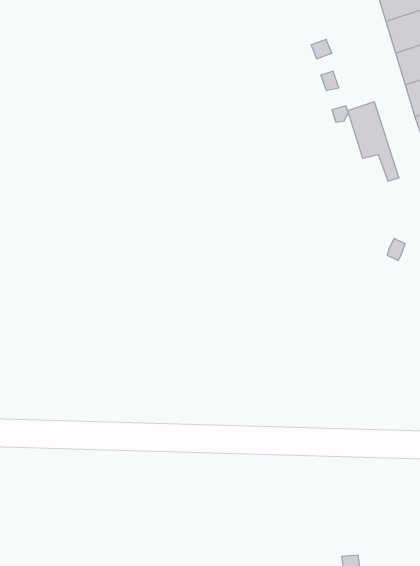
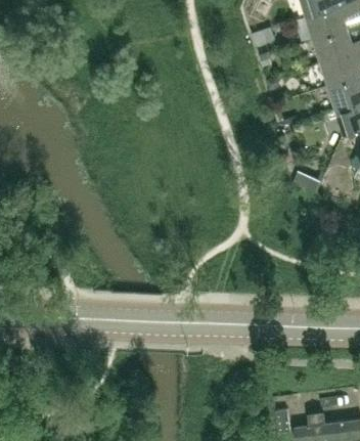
building: [348,102,399,181] -> none

